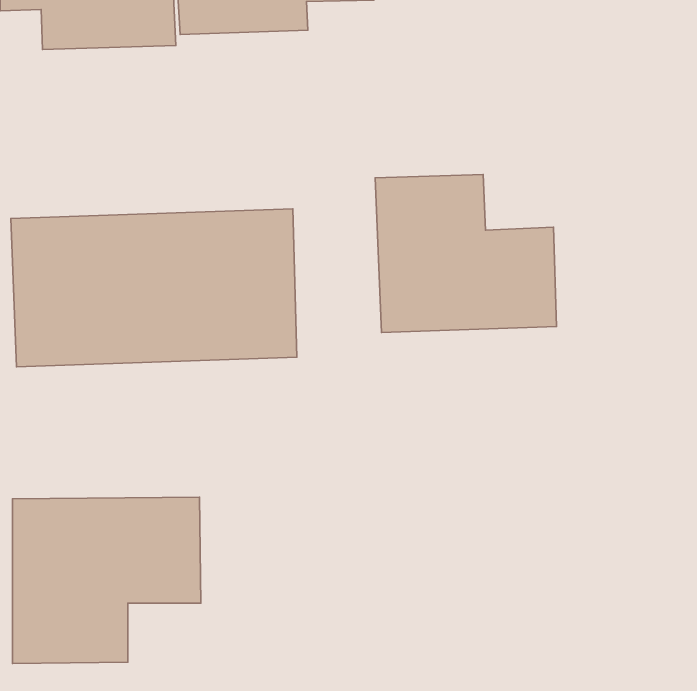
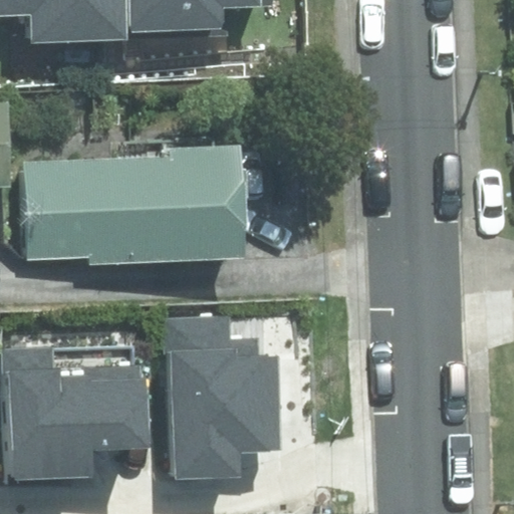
building: [375,175,556,333] -> none
building: none -> [166,313,284,488]

